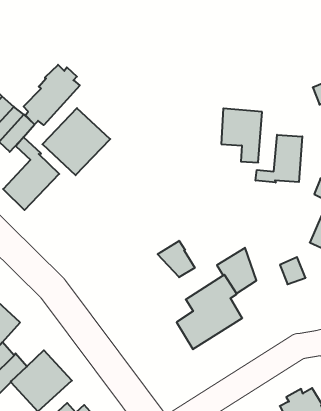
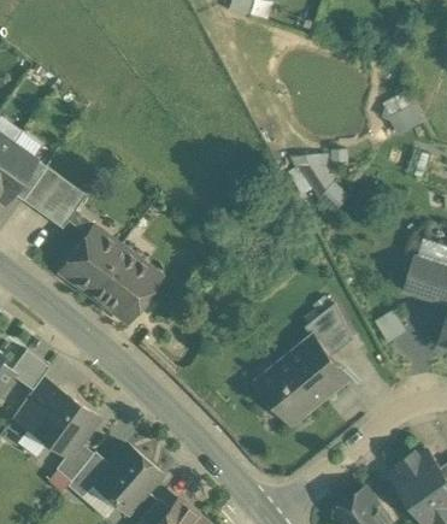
building: [24,65,80,125] -> none
building: [42,108,110,175] -> [86,246,160,320]
building: [256,135,302,183] -> none
building: [158,241,195,277] -> none

